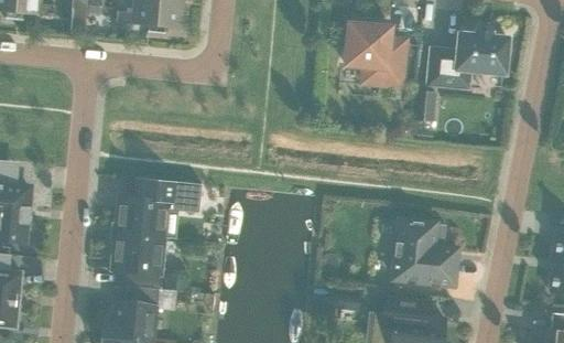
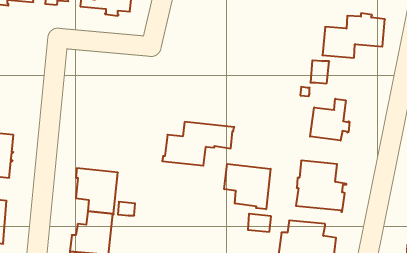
building: [346,23,406,87] -> none
building: none -> [310,99,349,141]
building: [112,180,205,236] -> [162,122,234,166]
building: none -> [224,164,271,209]

